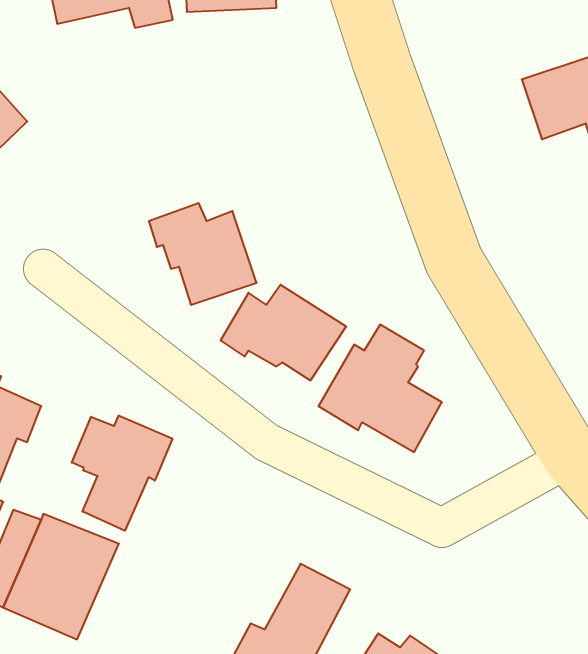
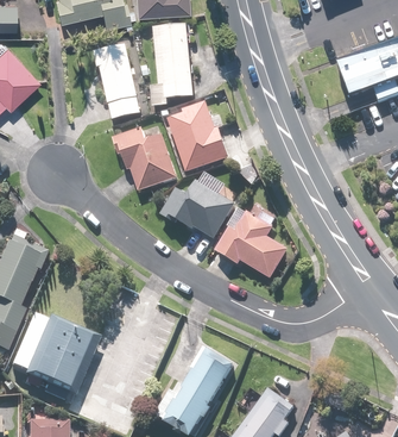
building: none -> [151,25,195,110]
building: none -> [94,44,143,121]
building: none -> [168,104,230,175]
building: [72,415,172,531] -> none

